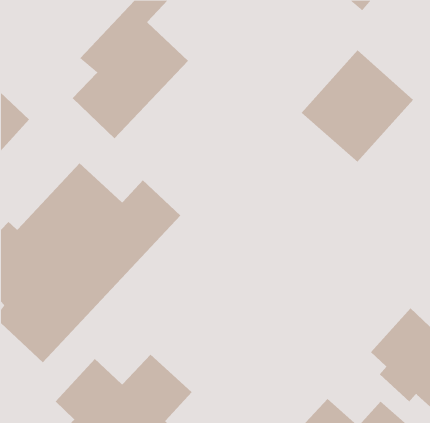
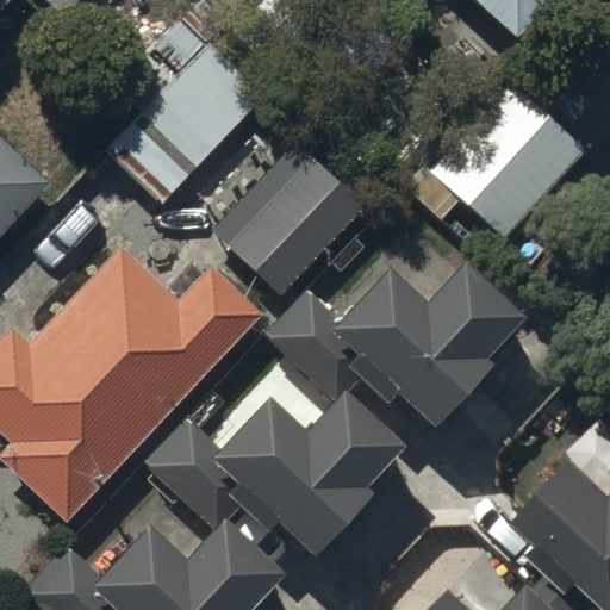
building: none -> [213,148,366,300]
building: none -> [328,253,519,417]
building: none -> [207,384,399,548]

